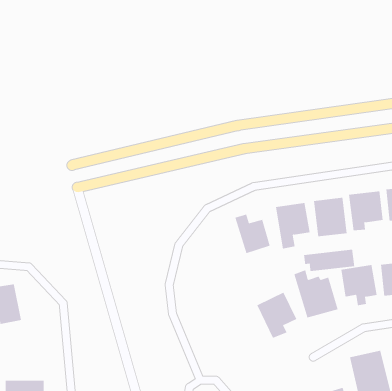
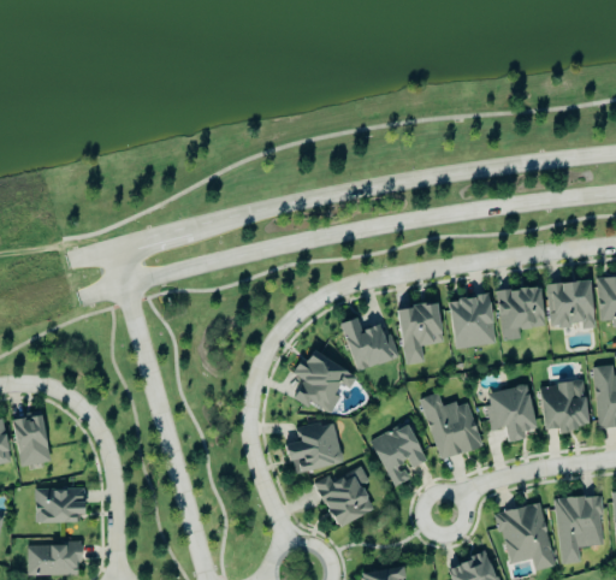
building: none -> [292,353,357,413]
building: [304,249,355,272] -> none
building: none -> [284,420,343,472]
building: none -> [313,466,373,528]
building: none -> [35,487,83,522]

